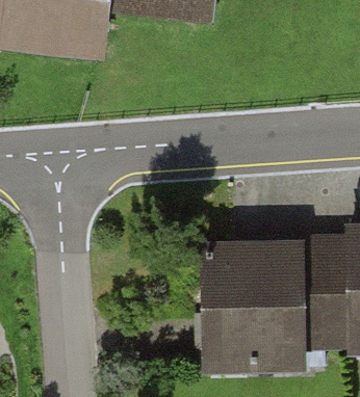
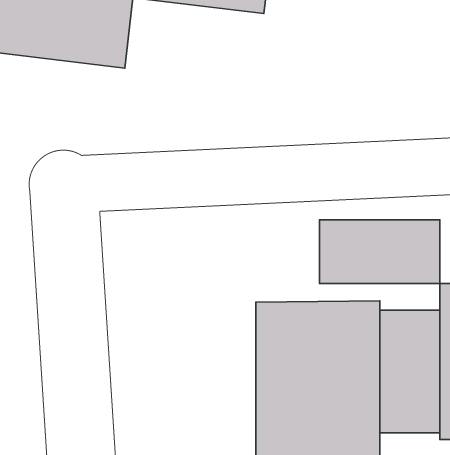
building: none -> [319,220,440,283]

